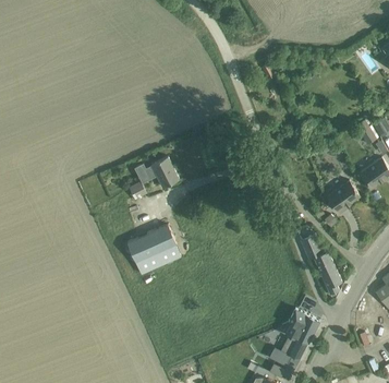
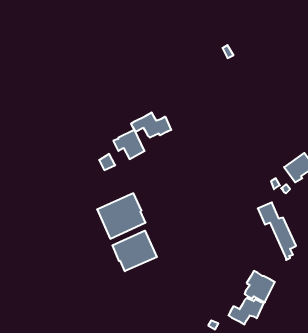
building: none -> [131,112,171,138]
building: none -> [112,231,157,271]

